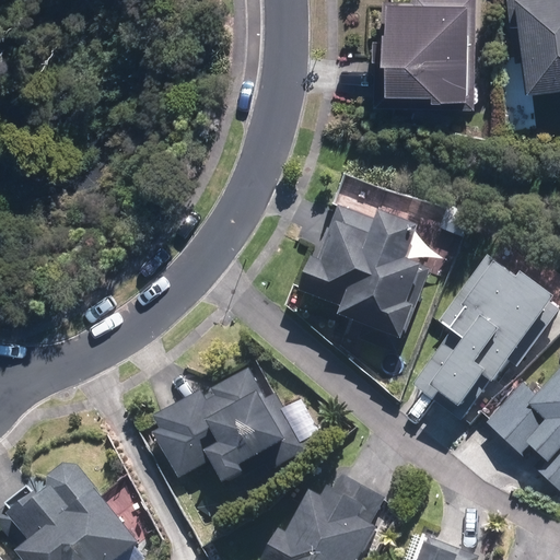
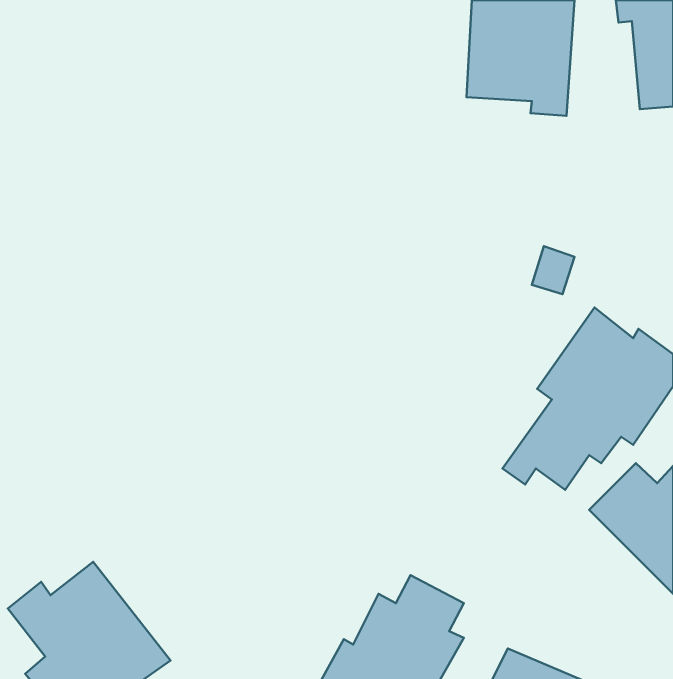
building: [292,205,428,340] -> none
building: [159,364,324,483] -> none

